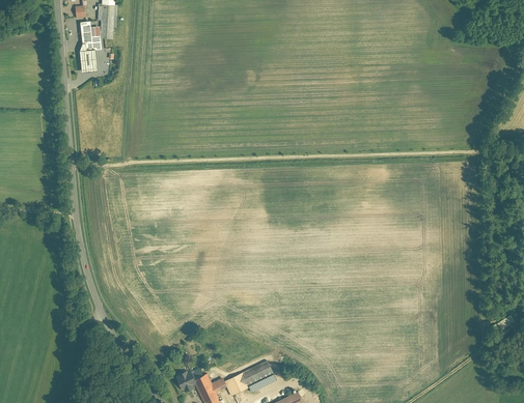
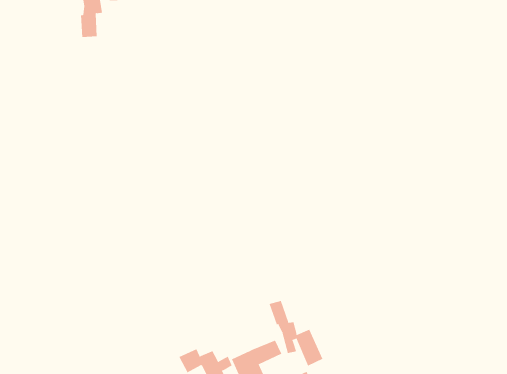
building: none -> [269,300,323,367]

